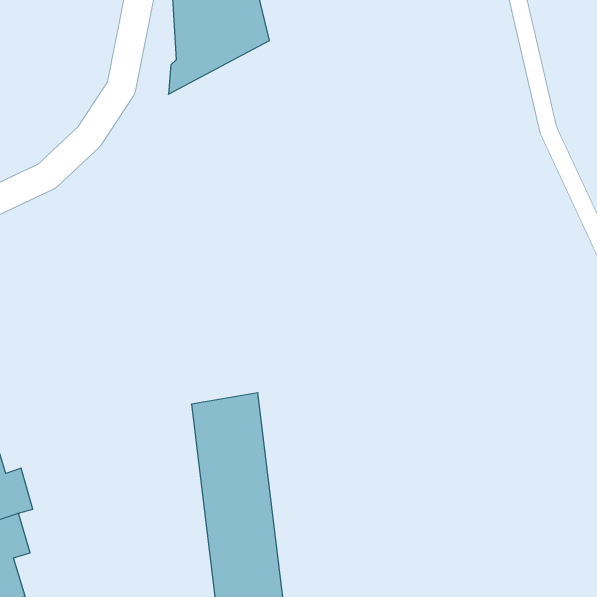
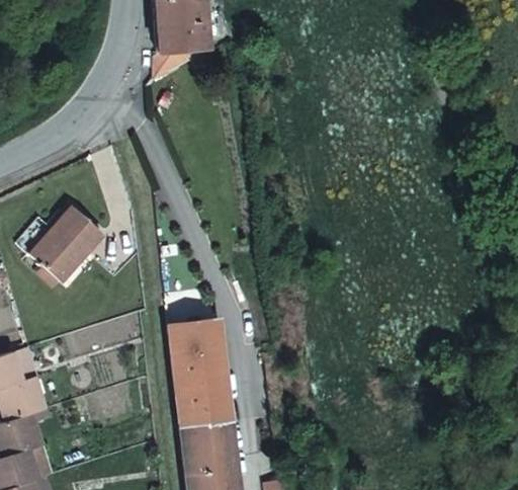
building: none -> [28,208,99,280]

